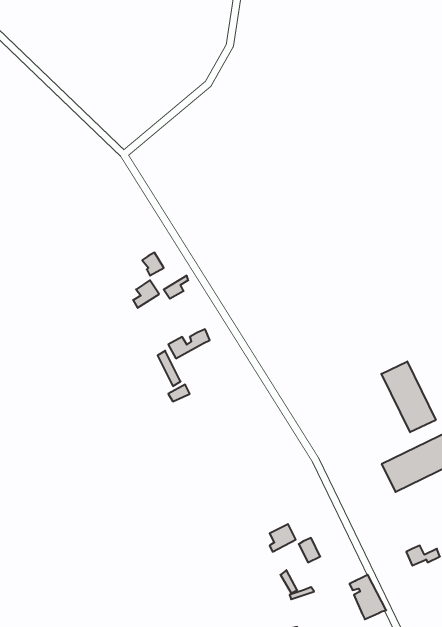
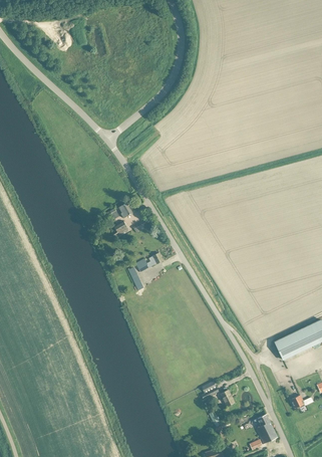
building: [381,361,436,432] -> none

